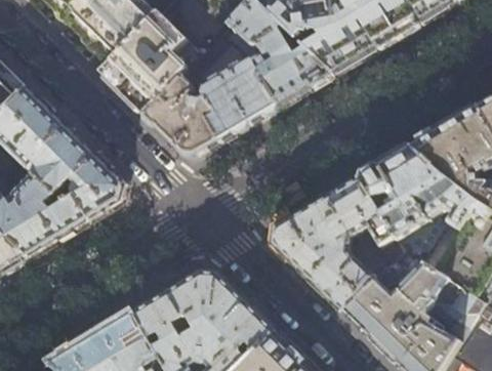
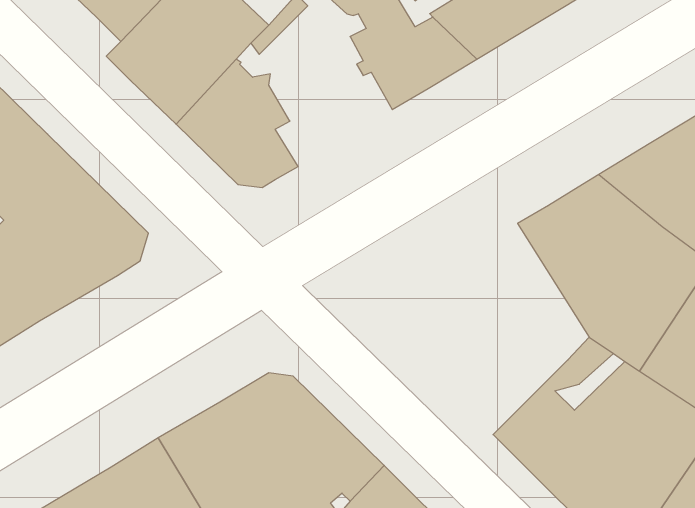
building: [201,57,279,139] -> none
building: [273,175,403,308] -> none

